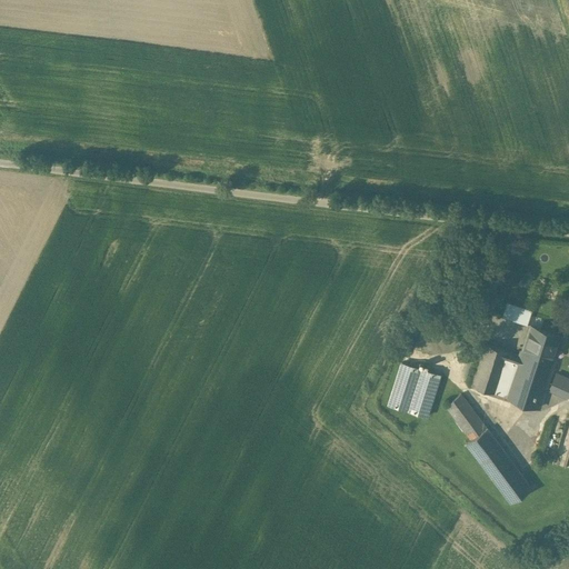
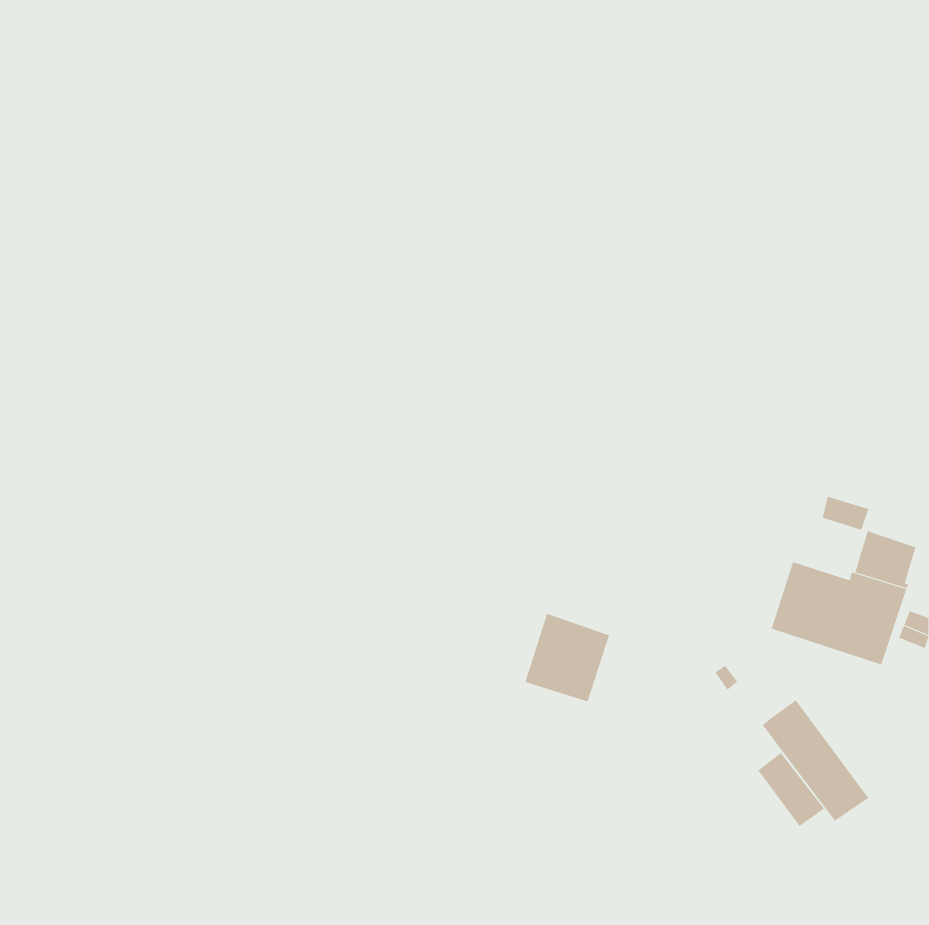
building: [388,363,440,418] -> [525,613,610,702]
building: [446,396,487,441] -> [757,752,825,827]

